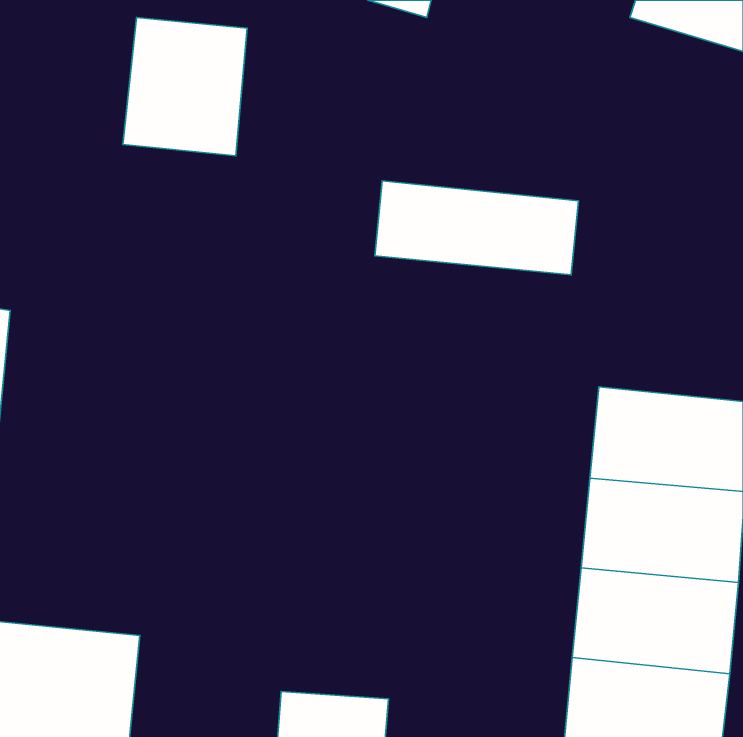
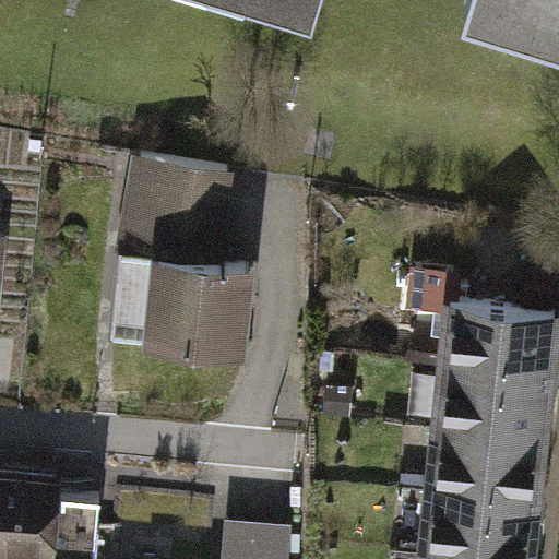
building: [123,17,247,156] -> none
building: [375,181,578,275] -> none
building: none -> [99,159,253,359]

